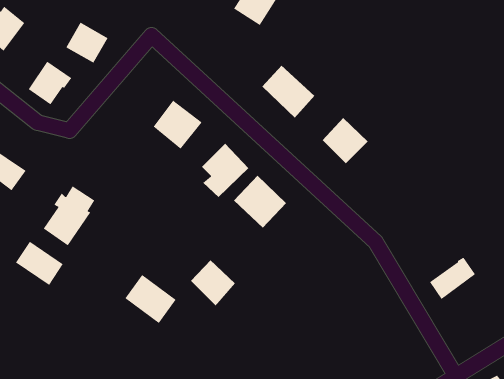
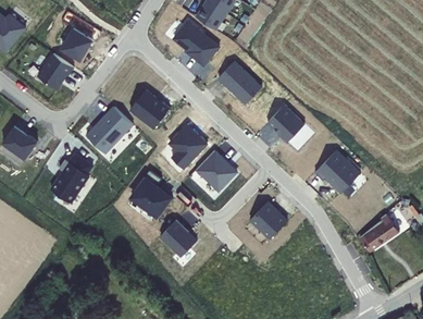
building: none -> [175,19,223,65]
building: none -> [78,110,125,157]
building: none -> [318,148,363,194]
building: none -> [252,199,289,236]
building: [15,241,64,286] -> none
building: [124,274,177,324] -> [133,175,175,216]

